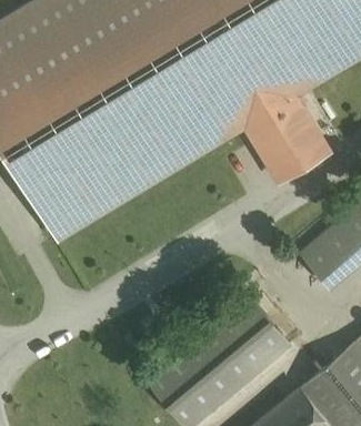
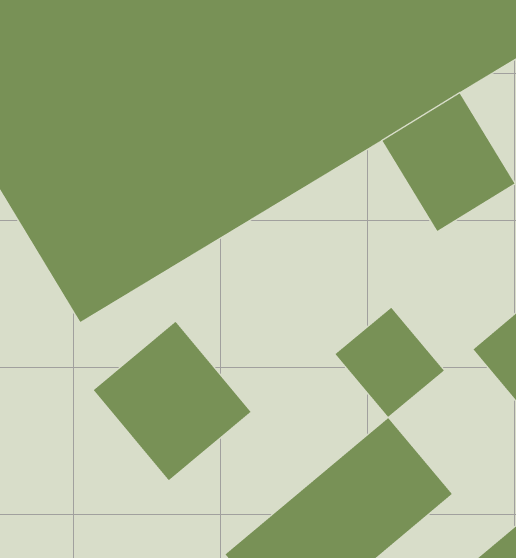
building: none -> [334,307,445,418]
building: none -> [93,321,251,481]

